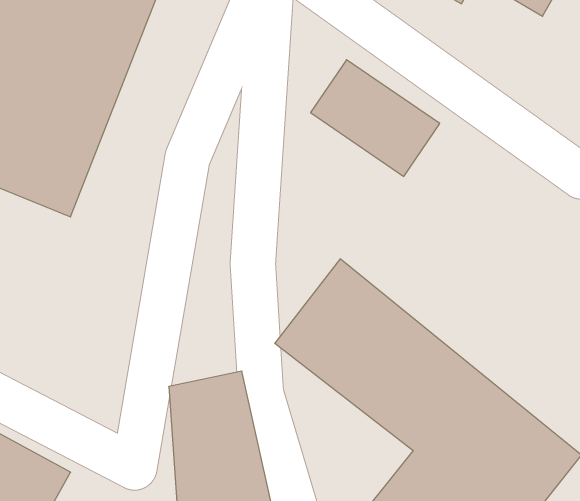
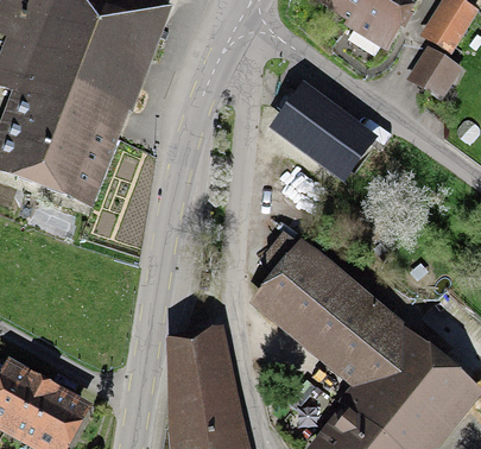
building: none -> [407,46,462,99]

